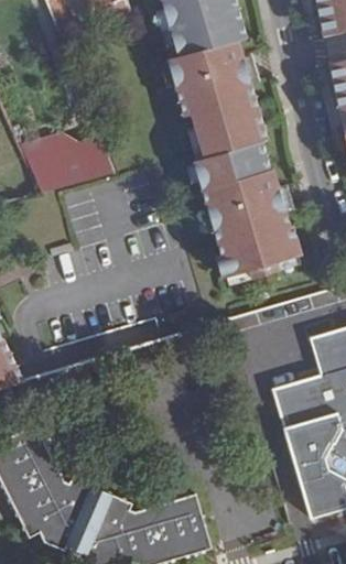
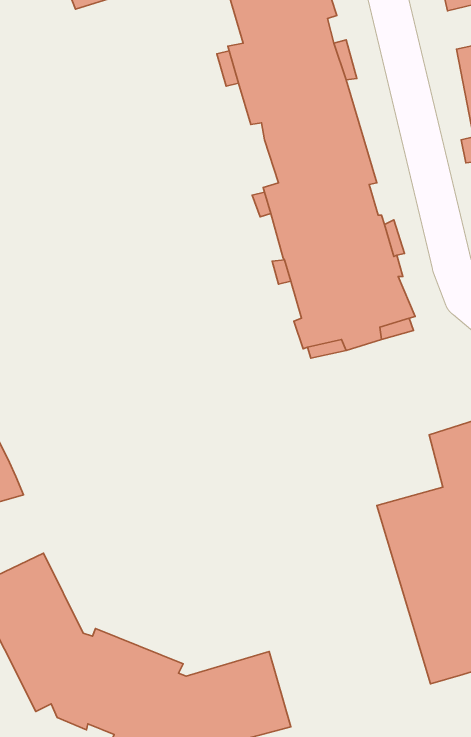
building: [17,130,113,193] -> none

